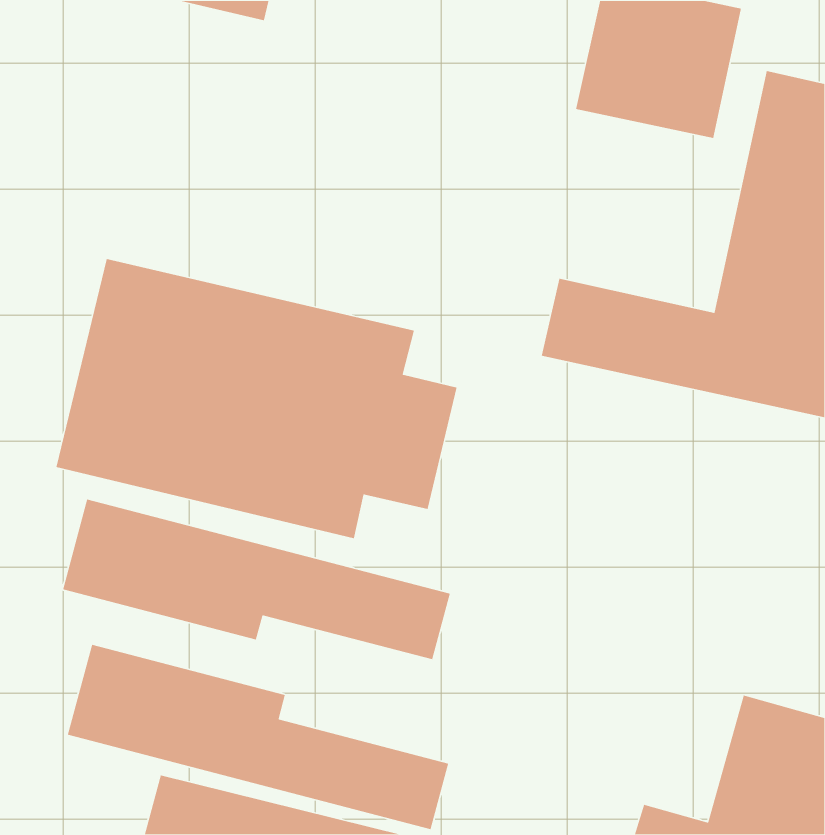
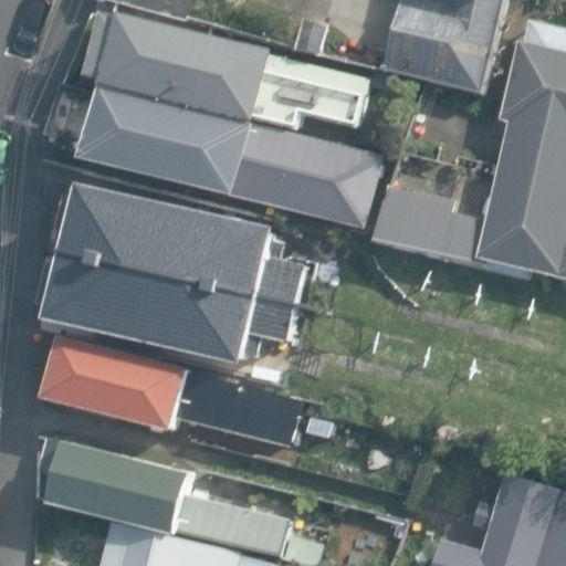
building: none -> [107,10,374,142]
building: none -> [82,88,374,227]

